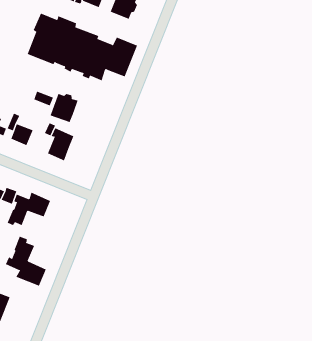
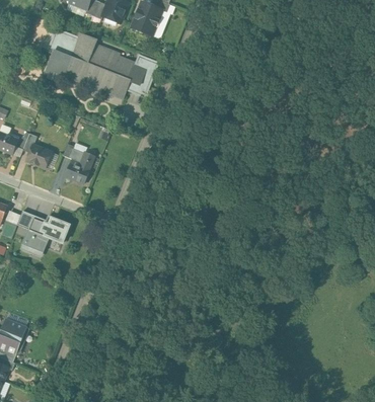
building: [50,93,78,123] -> none
building: [5,236,46,287] -> none

